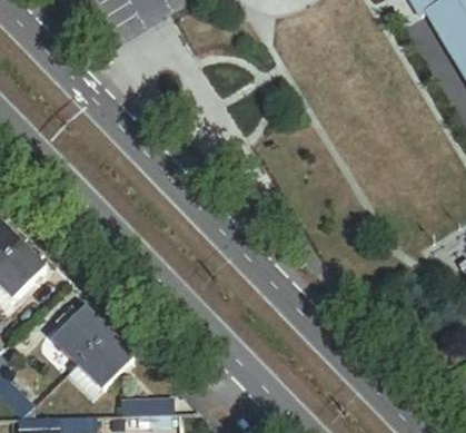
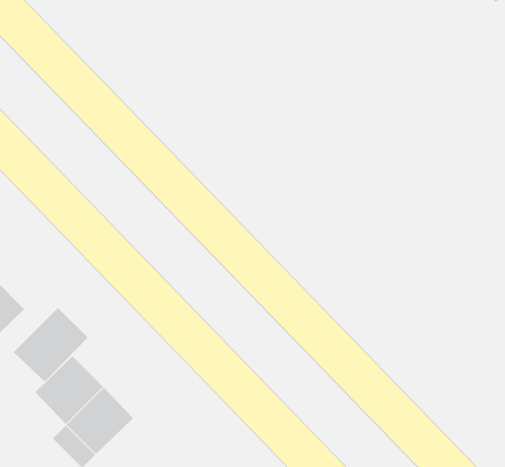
building: none -> [13,307,88,382]

